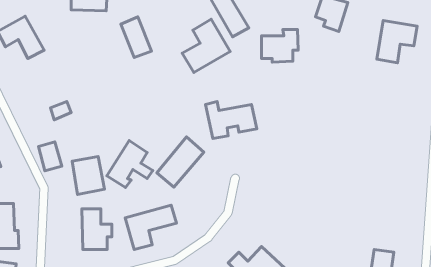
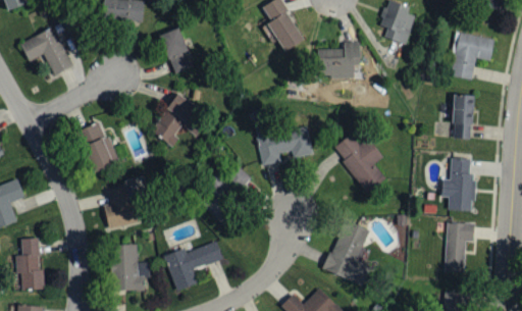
building: [182,19,230,73] -> none
building: none -> [453,95,473,139]
building: none -> [332,134,385,192]
building: none -> [441,158,475,211]
building: [107,141,153,187] -> [151,93,203,146]
building: [39,142,62,171] -> [86,139,112,171]
building: none -> [324,220,370,284]
building: none -> [445,222,474,273]

